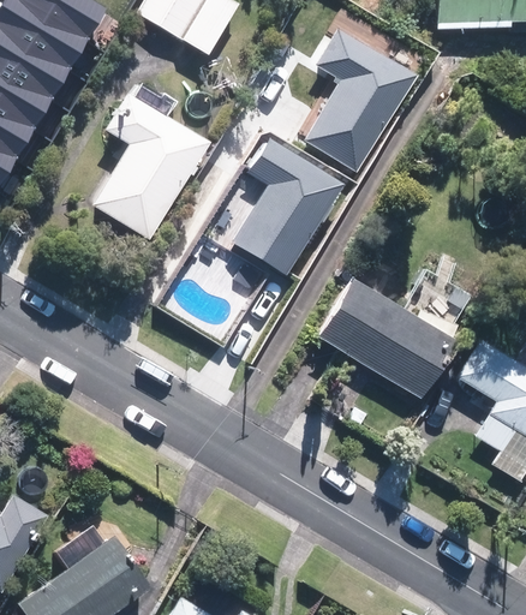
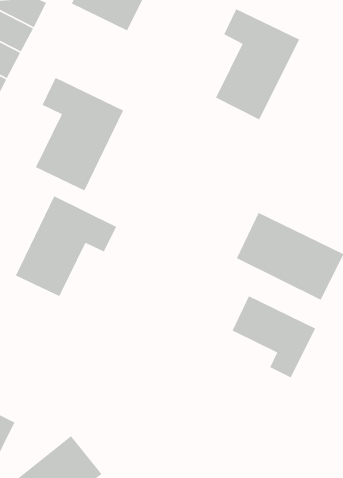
building: [235,138,341,273] -> none
building: none -> [15,195,117,297]
building: none -> [231,295,316,378]

